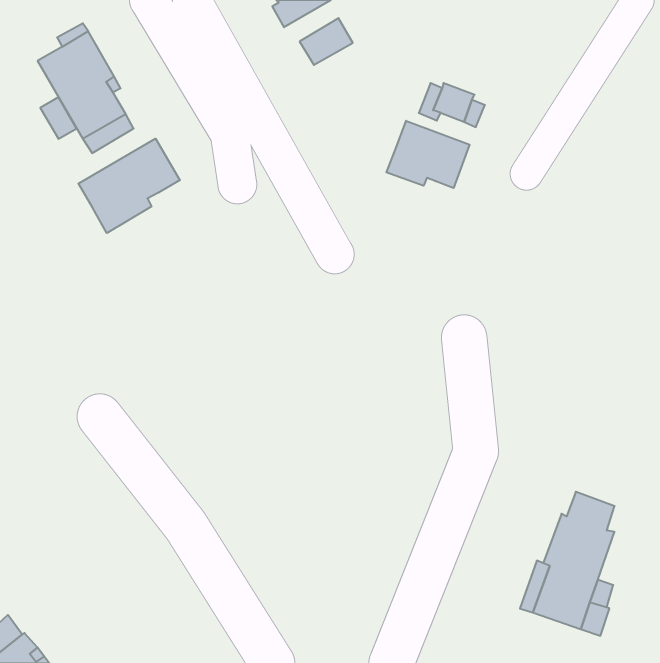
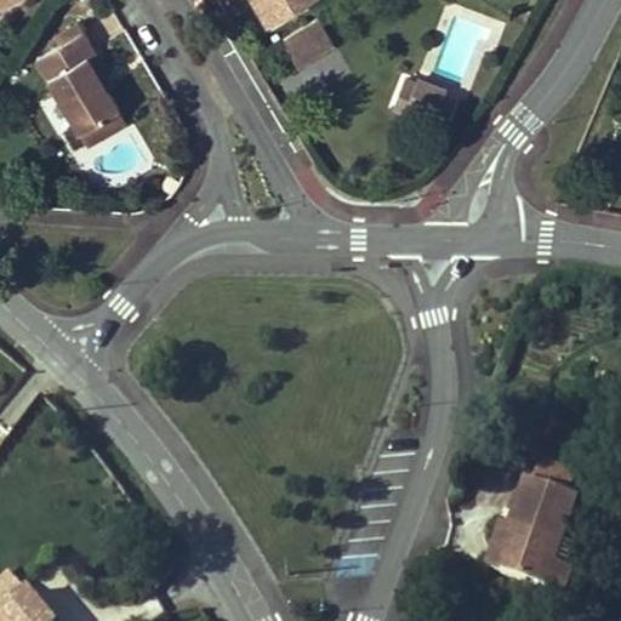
building: [386,121,470,188] -> none
building: [78,139,180,233] -> none

